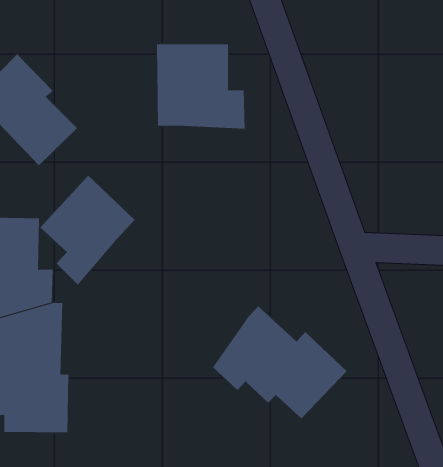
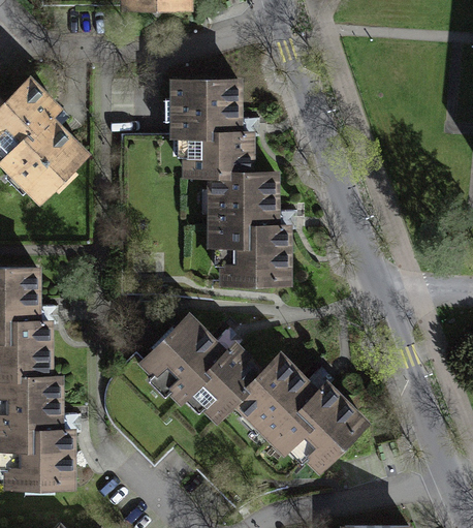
building: none -> [194,164,293,286]
building: [40,175,135,285] -> none
building: none -> [130,308,260,429]

